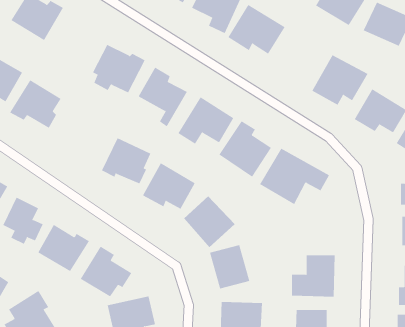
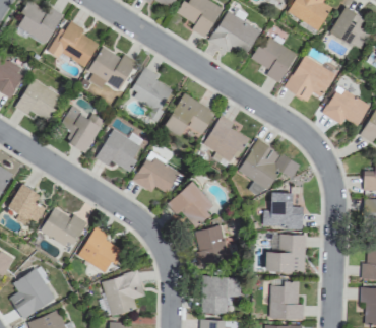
building: none -> [48,21,99,67]
building: none -> [252,36,297,83]
building: none -> [60,105,104,153]
building: none -> [262,193,303,229]

